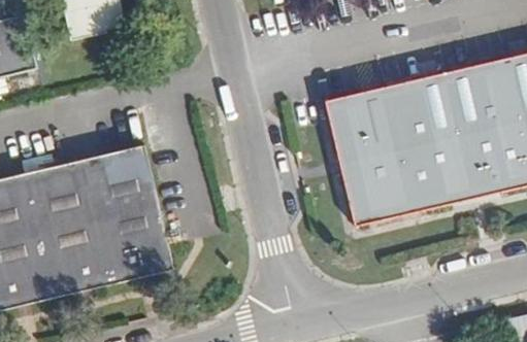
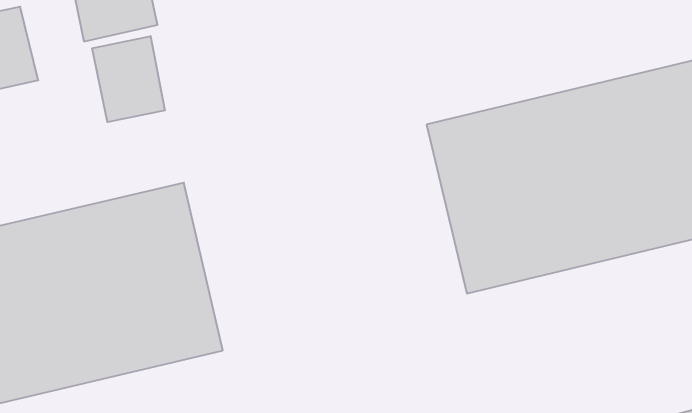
building: none -> [92,36,165,122]

